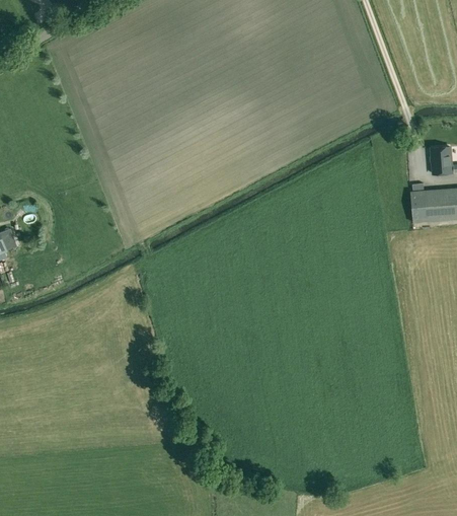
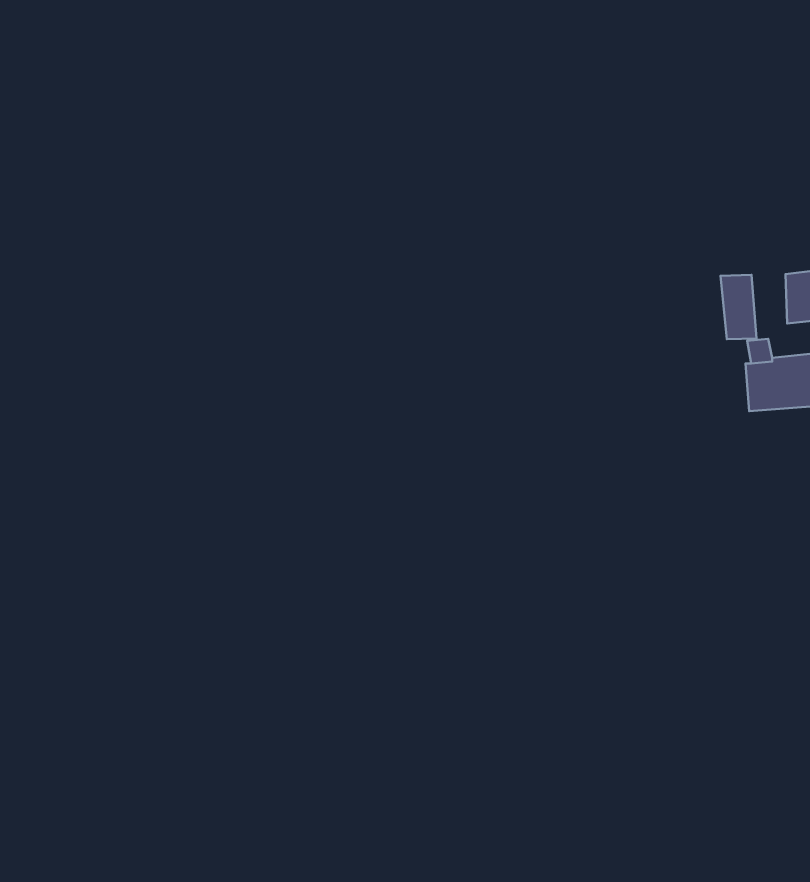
building: none -> [720,275,756,339]

